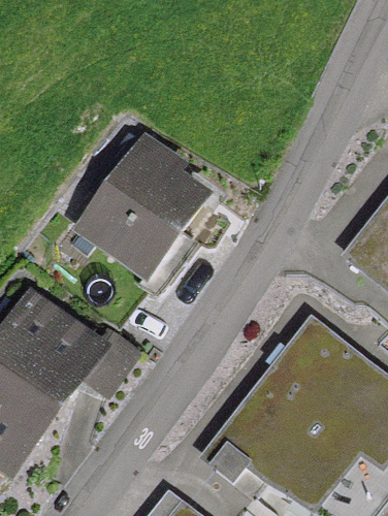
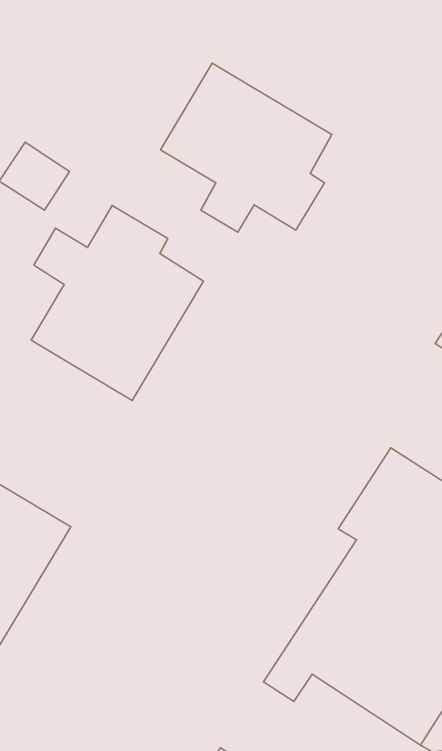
building: none -> [161,63,332,232]

